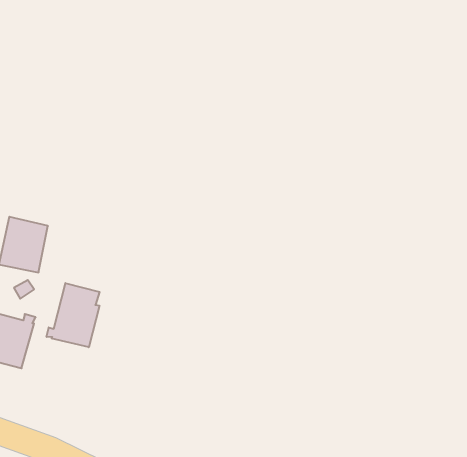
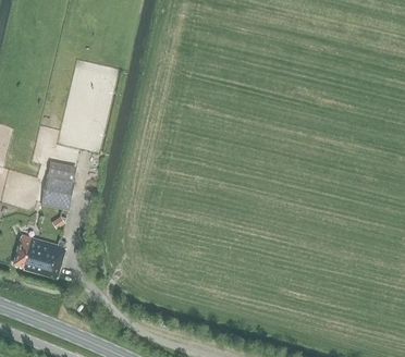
building: [47,283,100,347] -> none

